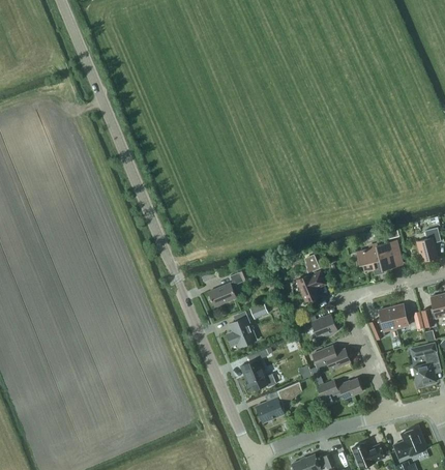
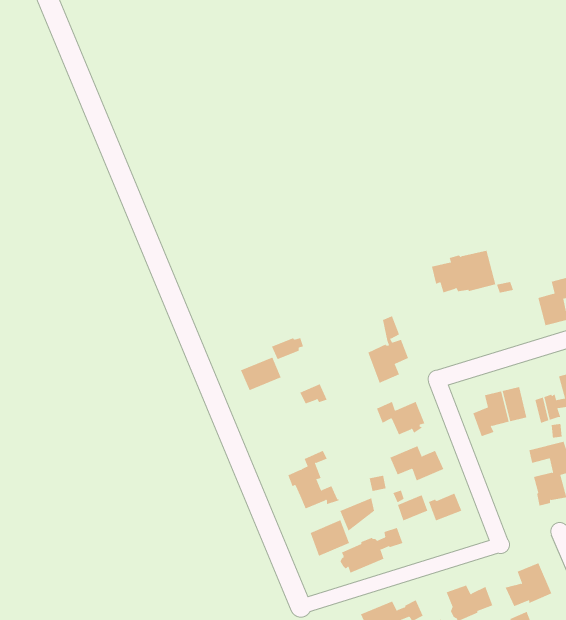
building: [357,240,403,270] -> [431,250,496,293]
building: [227,316,257,347] -> none
building: none -> [340,527,403,574]

